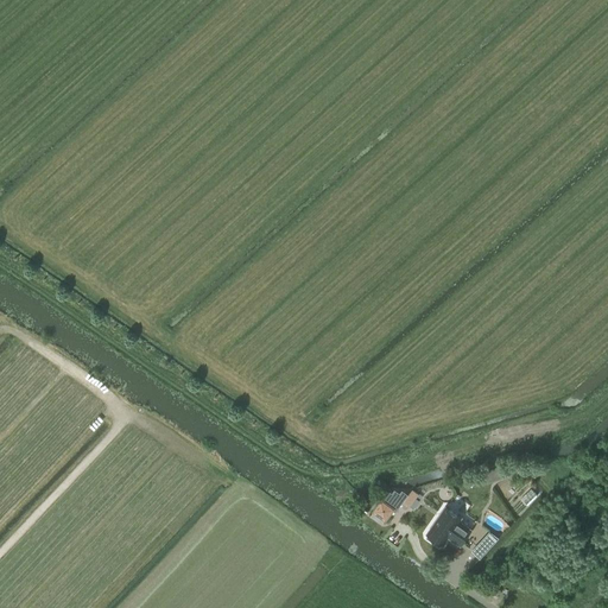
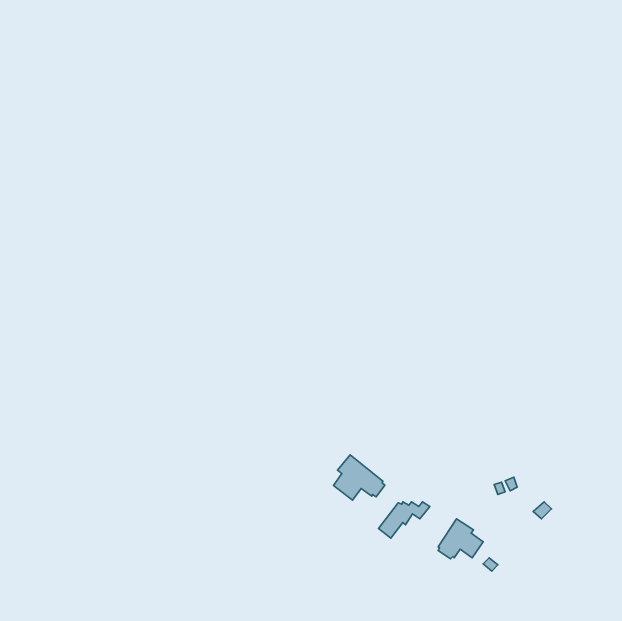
building: none -> [333,455,385,500]

